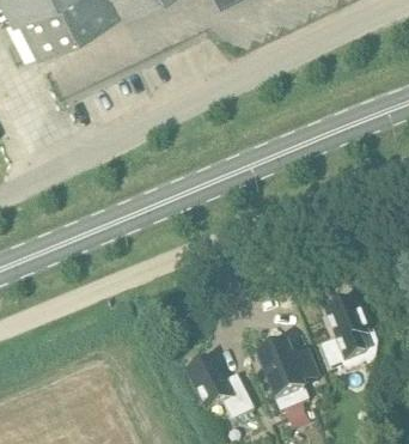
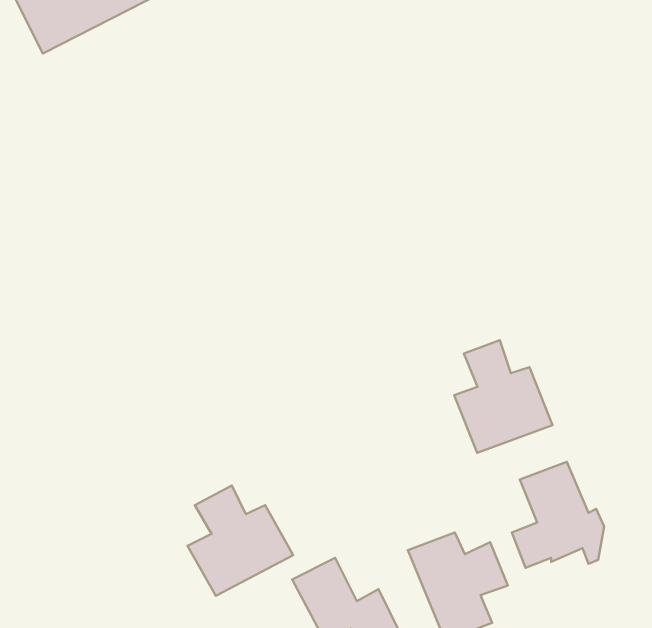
building: none -> [454,340,553,453]
building: none -> [188,485,293,596]

